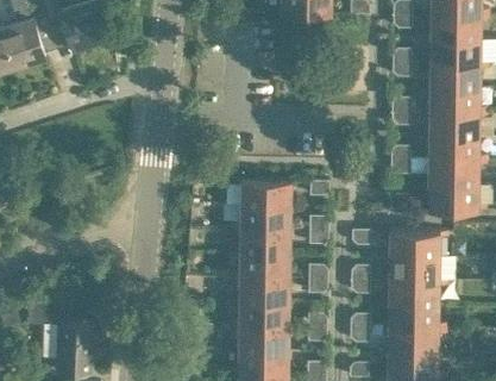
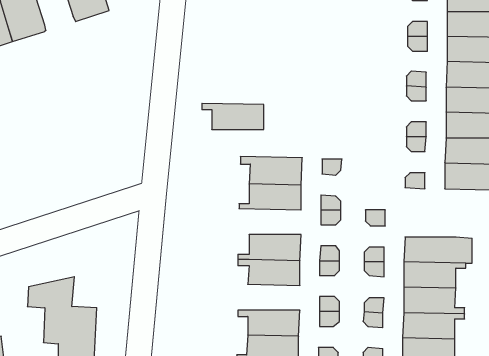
building: [231,229,290,254] -> [202,103,264,129]
building: [390,231,448,256] -> none
building: [230,301,289,326] -> none

